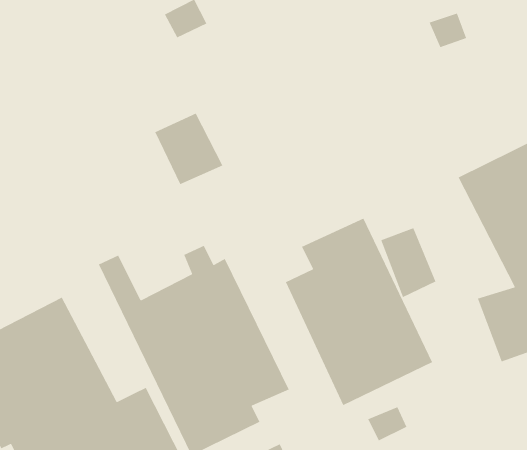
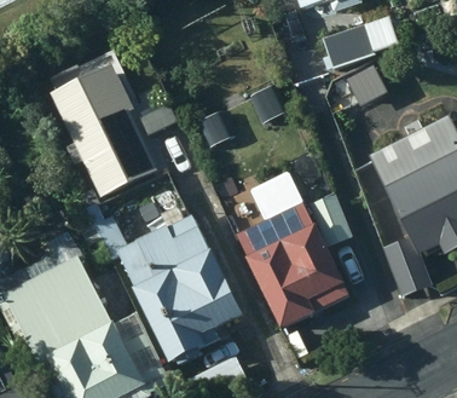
building: none -> [50,62,158,197]

